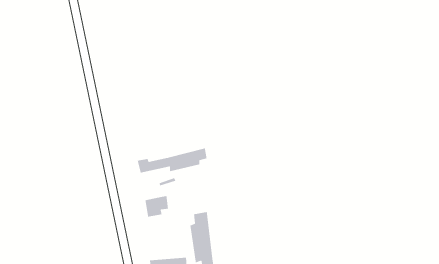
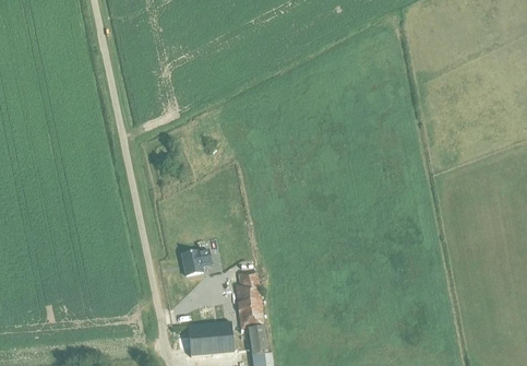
building: [137,147,208,174] -> none

